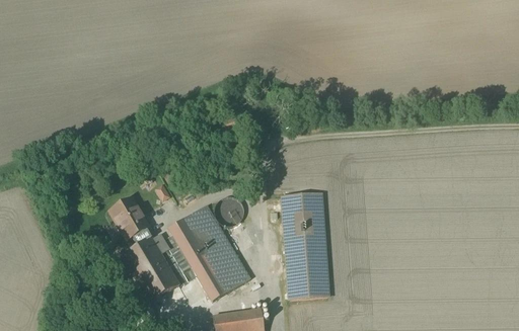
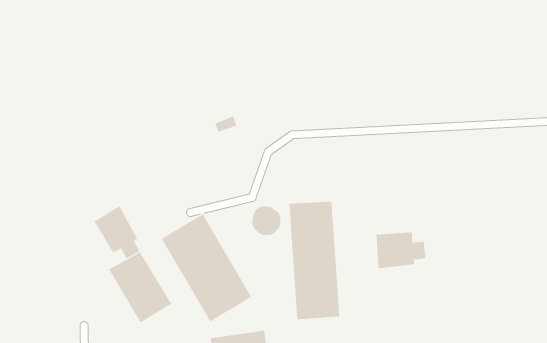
building: [216,196,242,223] -> [251,206,281,236]
building: none -> [376,232,426,269]

